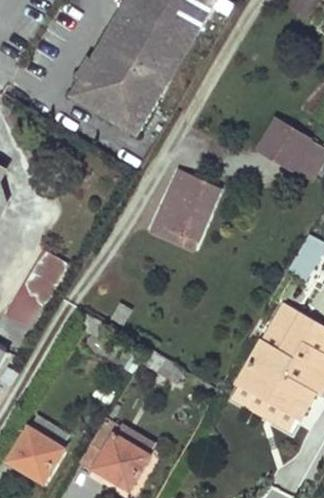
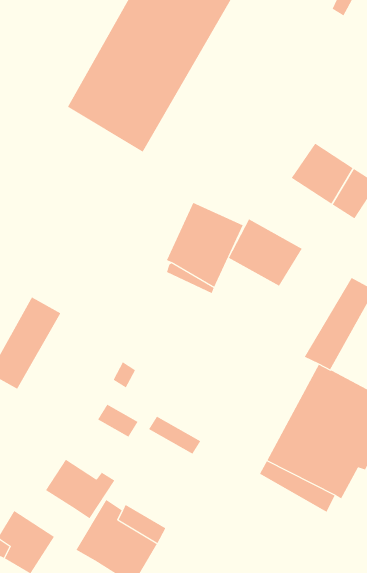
building: none -> [228,218,302,286]
building: none -> [45,459,115,519]

